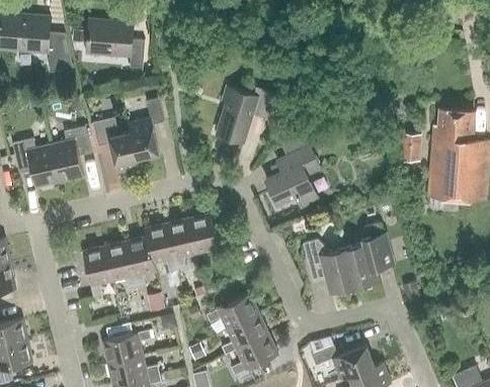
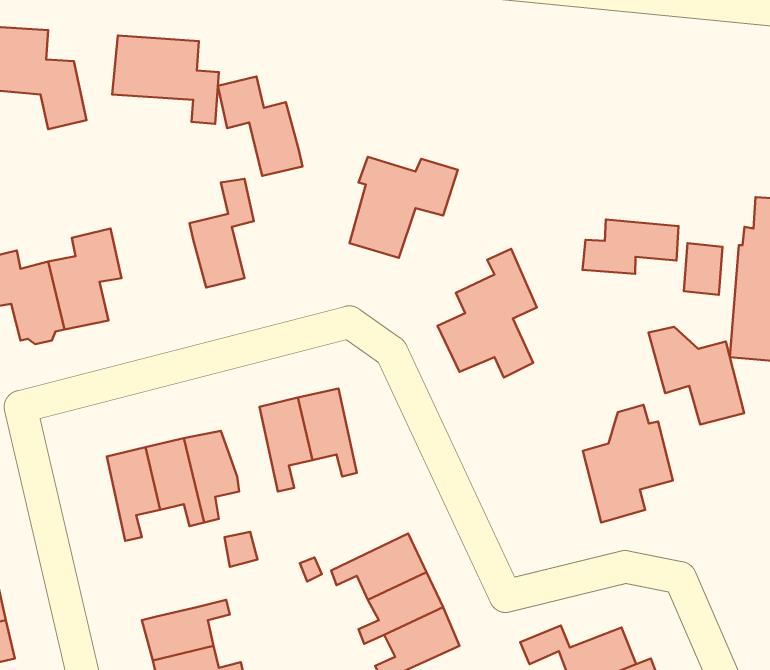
building: [93,118,140,173] -> [218,77,302,176]
building: none -> [582,219,679,274]
building: [145,224,177,273] -> none
building: [303,240,355,294] -> [649,327,744,424]

